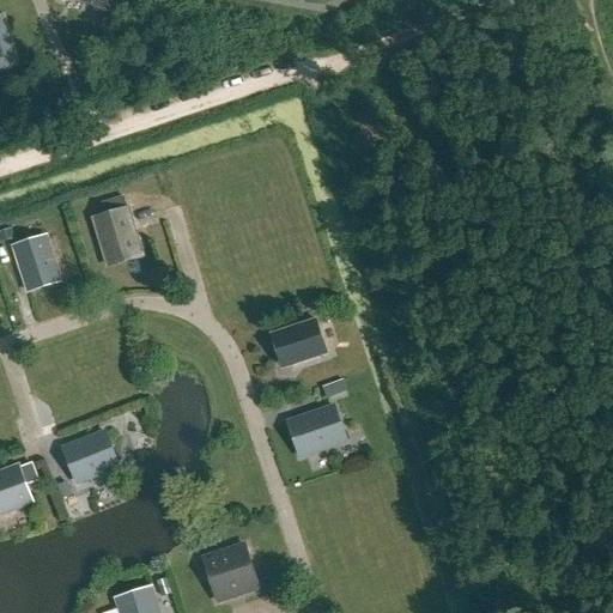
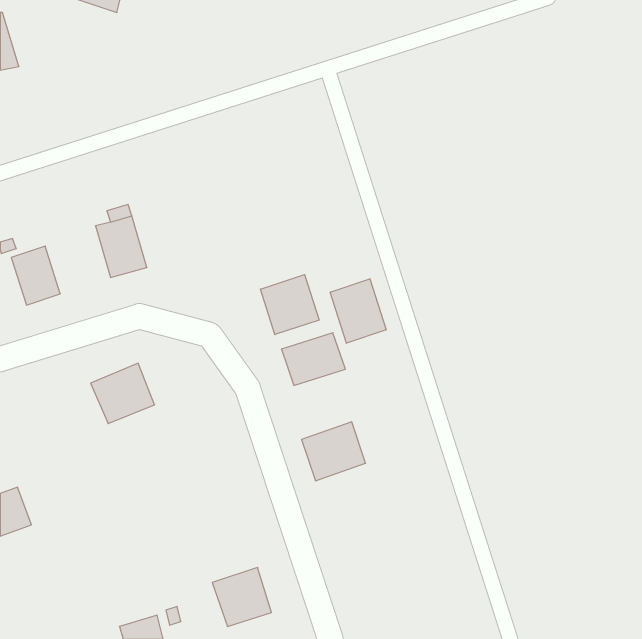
building: none -> [260,275,319,335]
building: none -> [330,279,386,343]
building: [61,427,122,485] -> [91,363,155,424]

